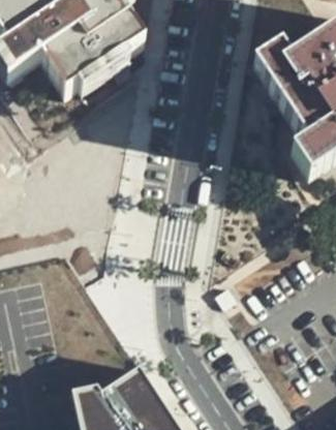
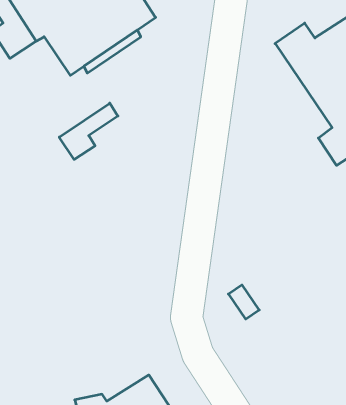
building: none -> [59,103,118,159]

